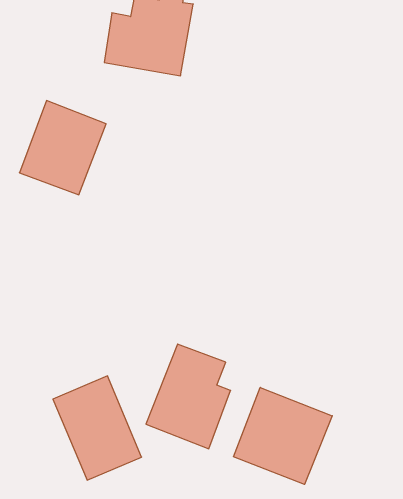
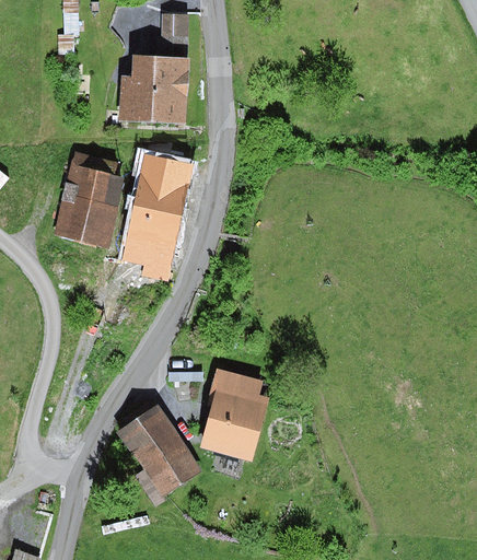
building: none -> [114,153,195,272]
building: [234,387,332,484] -> none

